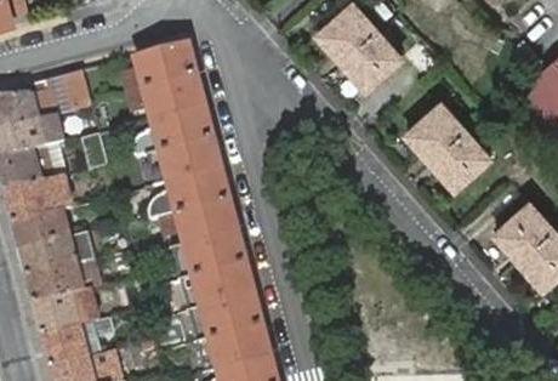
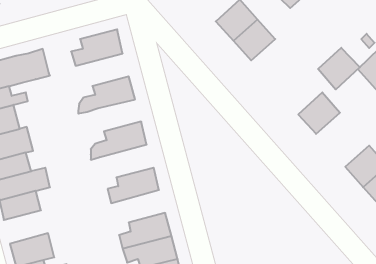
building: [130,74,203,119] -> none
building: [410,101,467,158] -> [318,48,360,89]
building: [146,137,220,181] -> none
building: [163,199,237,244] -> none
building: [178,261,252,306] -> none
building: [32,288,95,335] -> none

